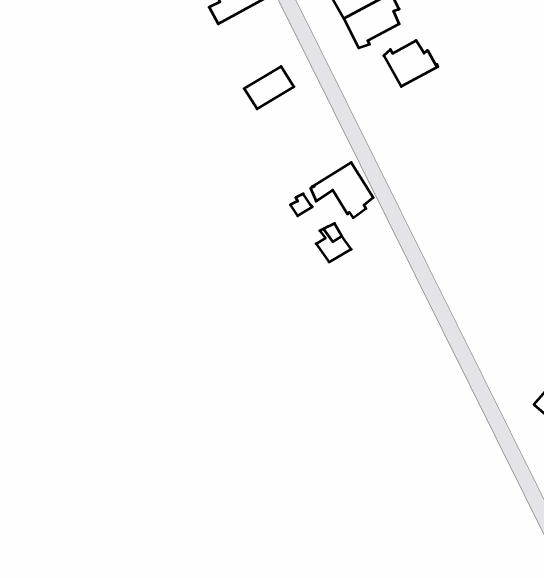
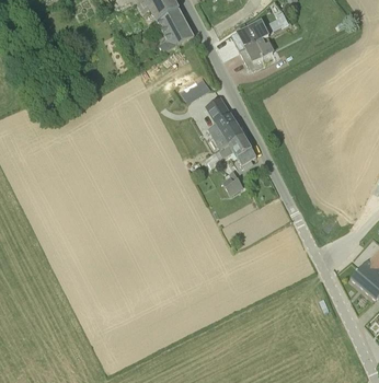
building: [384,40,438,87] -> none
building: none -> [208,105,243,148]

